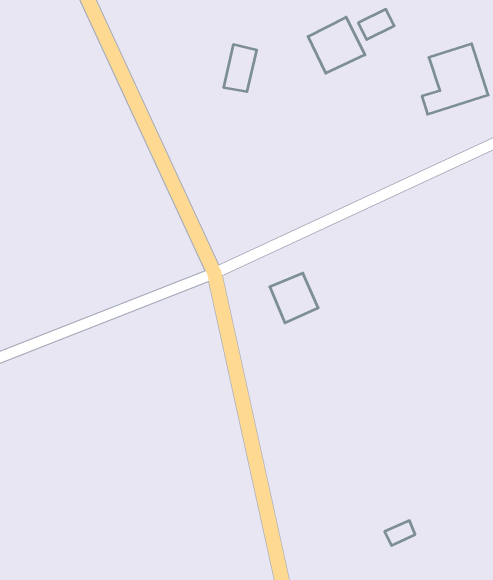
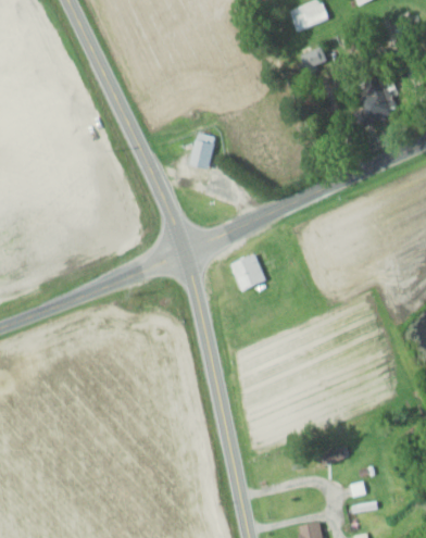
building: [308,17,365,73] -> none
building: [224,45,257,92] -> [189,133,215,170]

